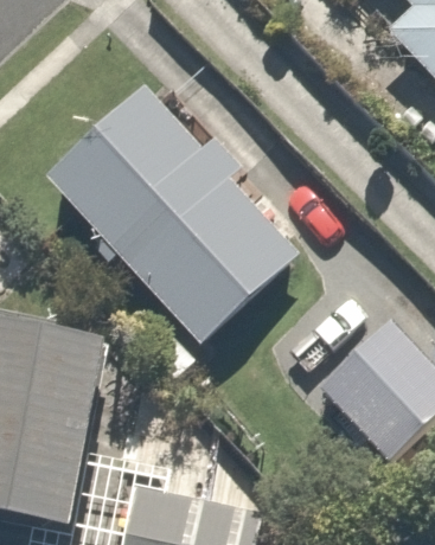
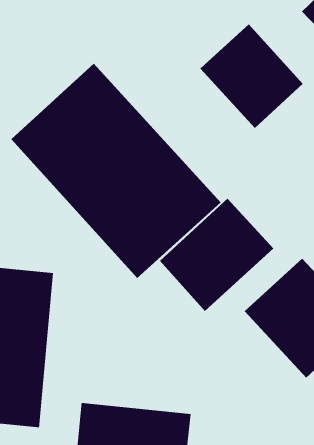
building: none -> [200,23,303,129]
building: none -> [159,198,274,312]

